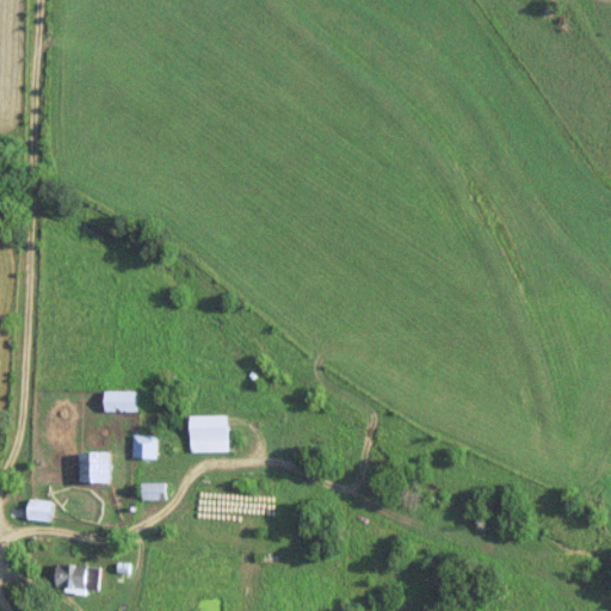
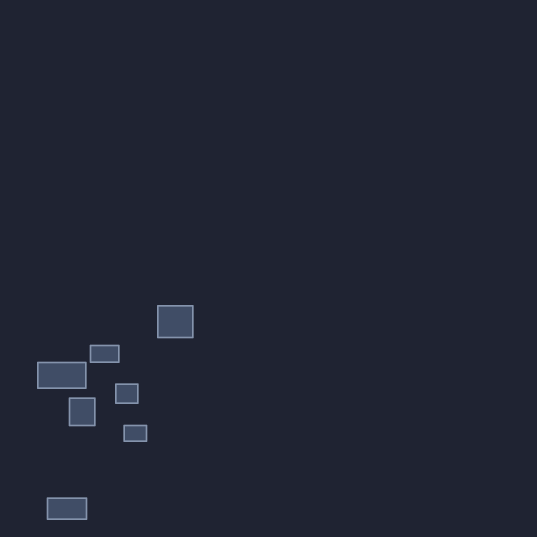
building: none -> [38,363,86,388]
building: [190,416,229,452] -> [158,306,193,337]
building: [27,500,55,523] -> none

